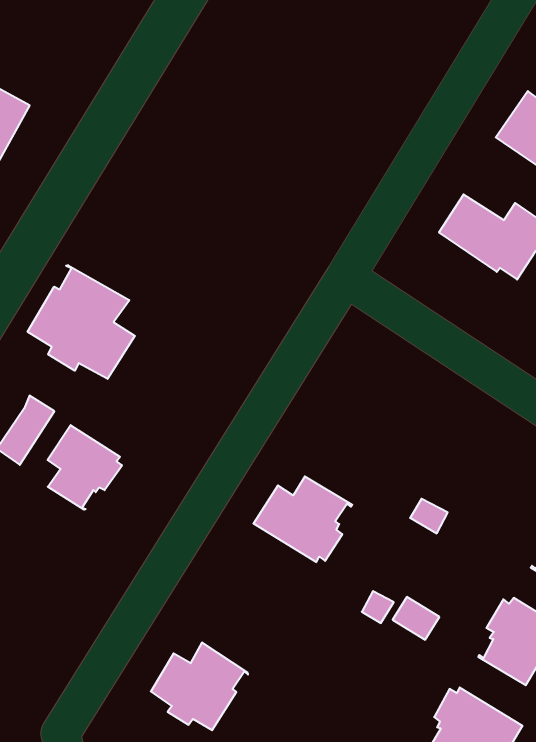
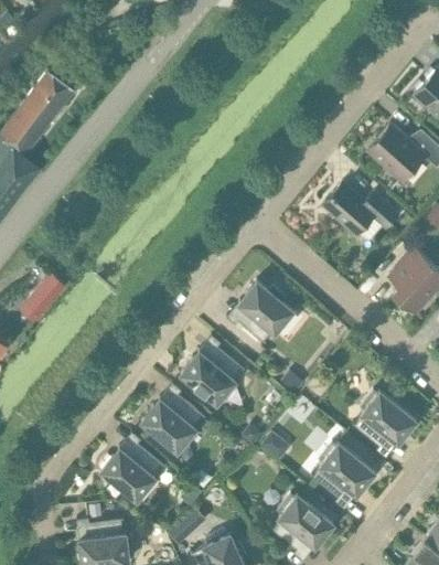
building: [28,265,135,379] -> none
building: none -> [225,282,292,345]
building: [48,425,122,510] -> none
building: none -> [140,396,204,452]

